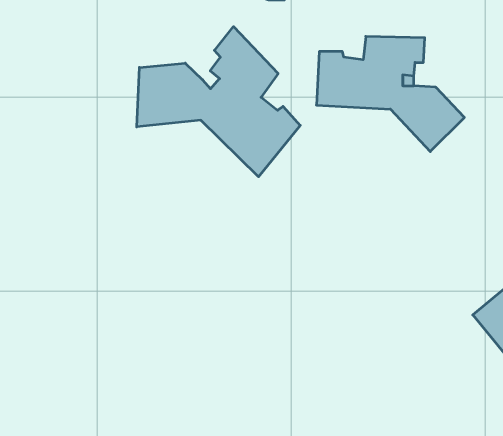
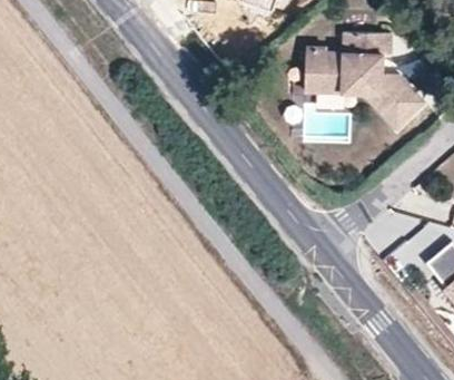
building: [137,27,300,177] -> none

